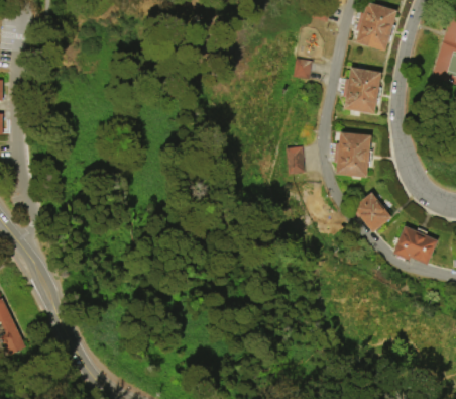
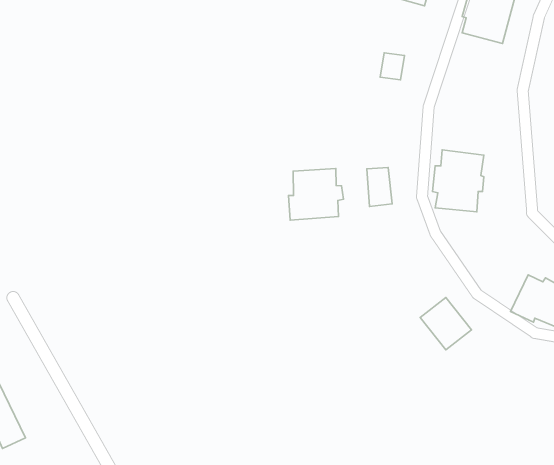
building: [342,67,381,115] -> none
building: none -> [288,168,343,220]
building: [352,192,390,231] -> [420,297,471,350]

